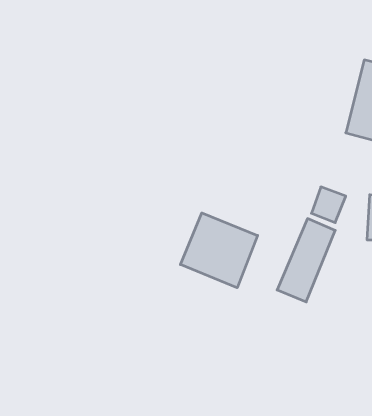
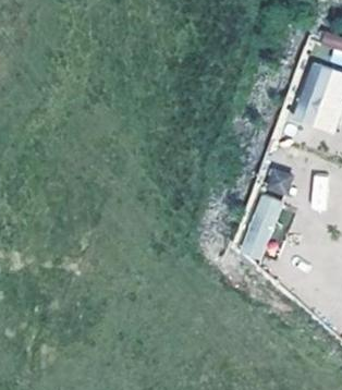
building: [180,213,258,288] -> none

